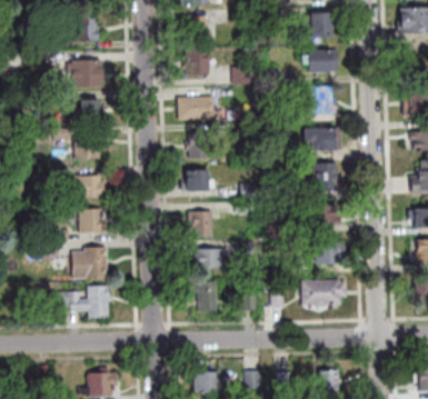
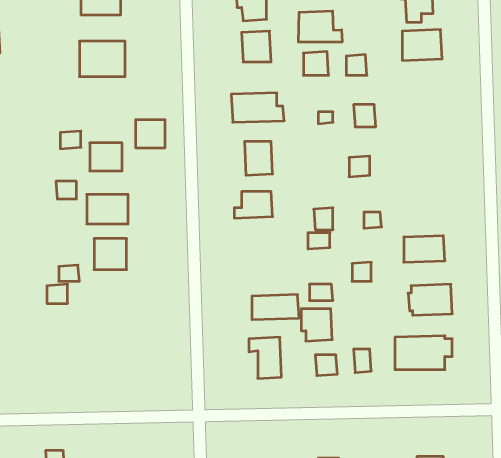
building: none -> [298,11,342,42]
building: [310,86,337,114] -> none
building: [74,97,97,118] -> [136,120,165,148]
building: [303,128,336,151] -> none
building: [313,162,338,192] -> none
building: [190,212,213,237] -> [301,309,332,341]
building: [69,247,103,276] -> none
building: [49,283,107,316] -> none

